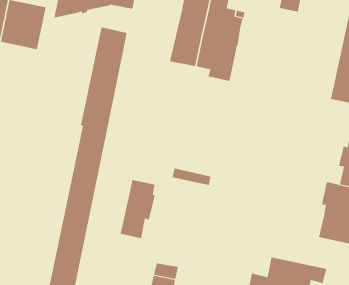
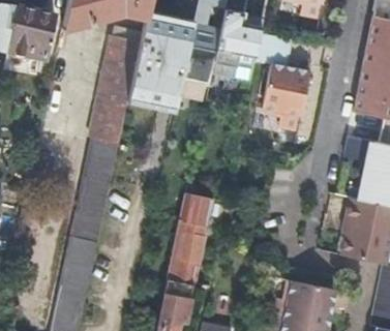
building: none -> [128,17,194,110]
building: none -> [253,37,307,136]
building: [120,179,156,239] -> [168,222,205,284]

